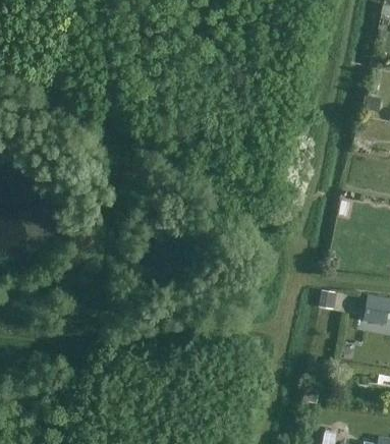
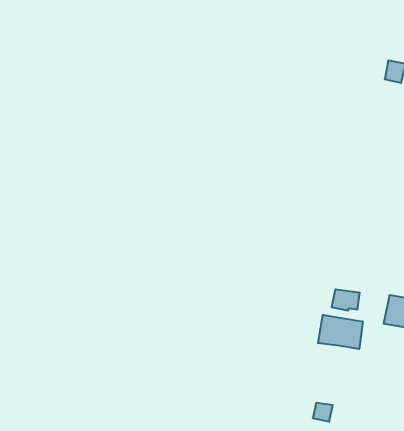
building: none -> [318,315,363,349]

